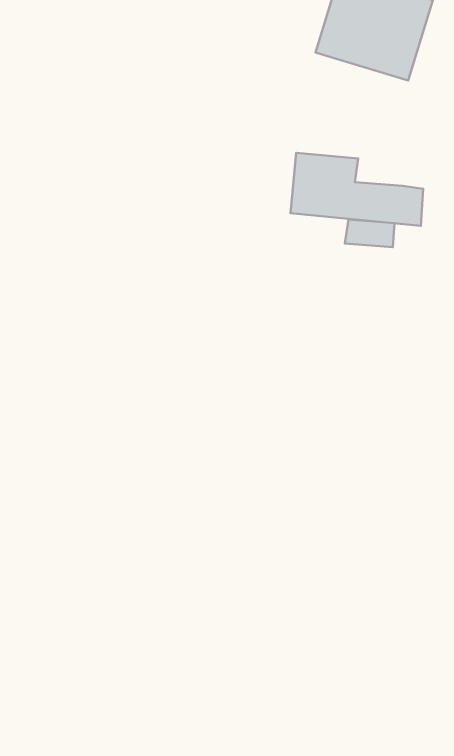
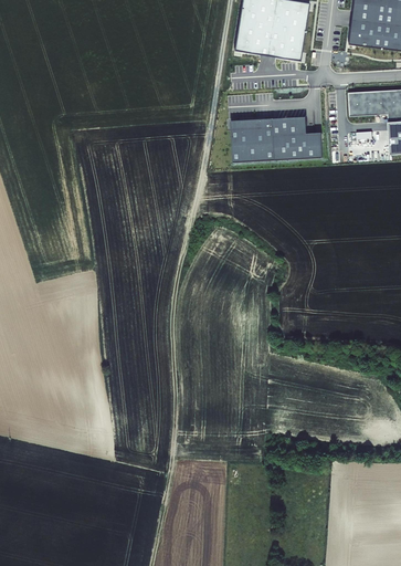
building: [345,220,395,247] -> [273,116,306,135]

